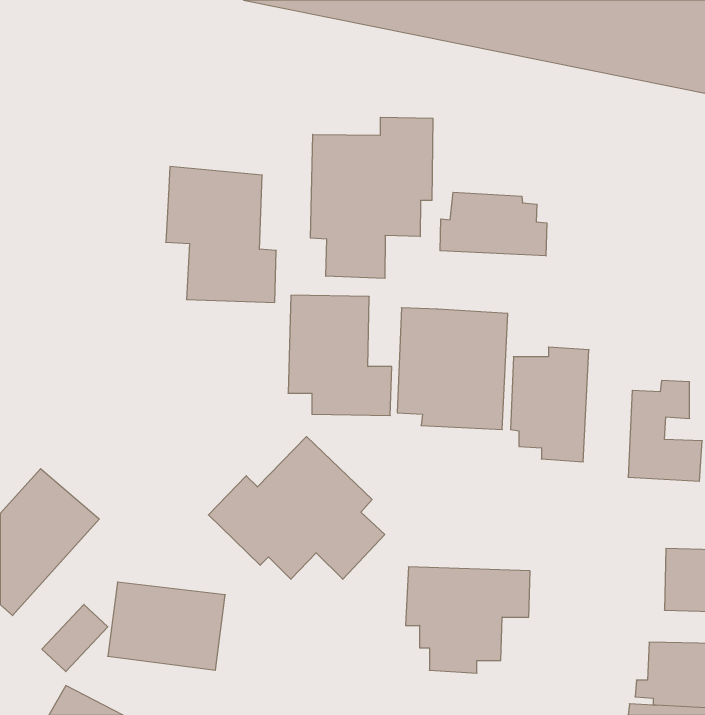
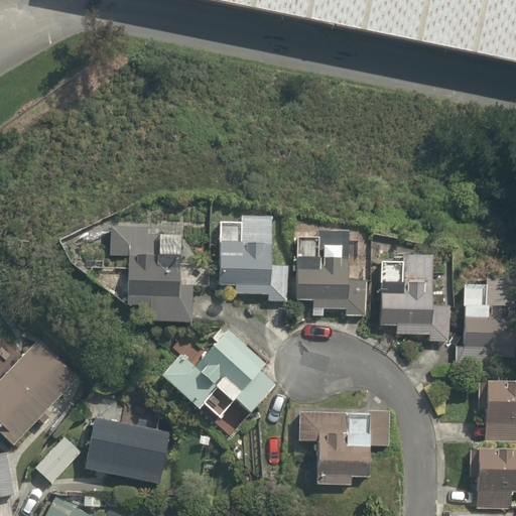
building: [311,117,433,278] -> none
building: [166,167,276,302] -> [114,221,194,318]
building: [440,192,547,256] -> none

